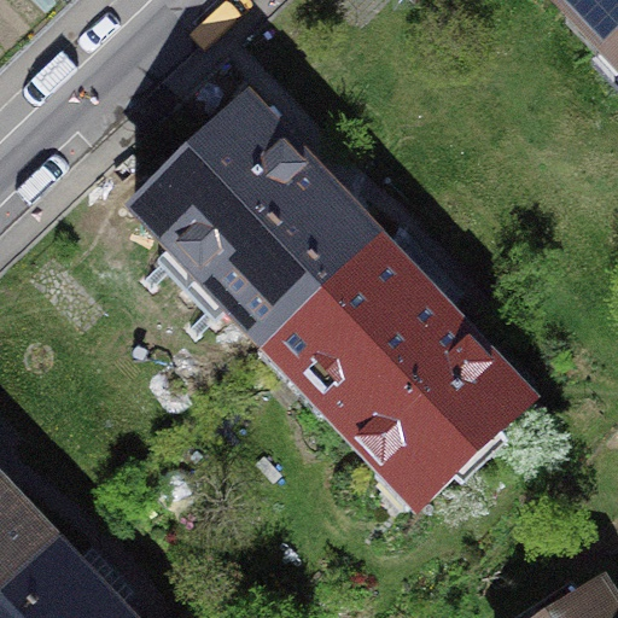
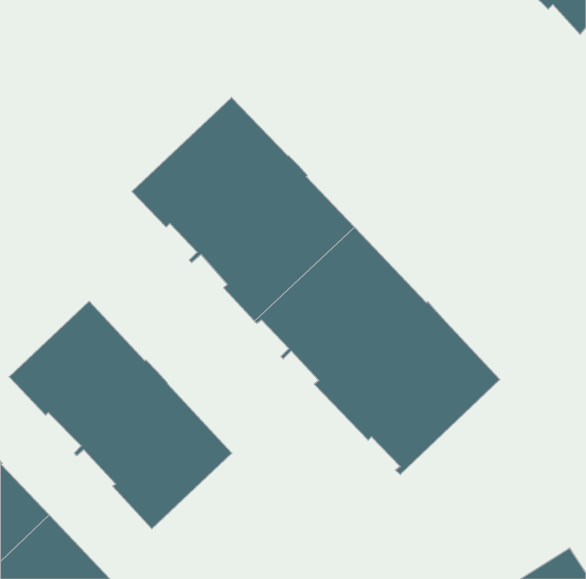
building: none -> [9,301,232,529]

